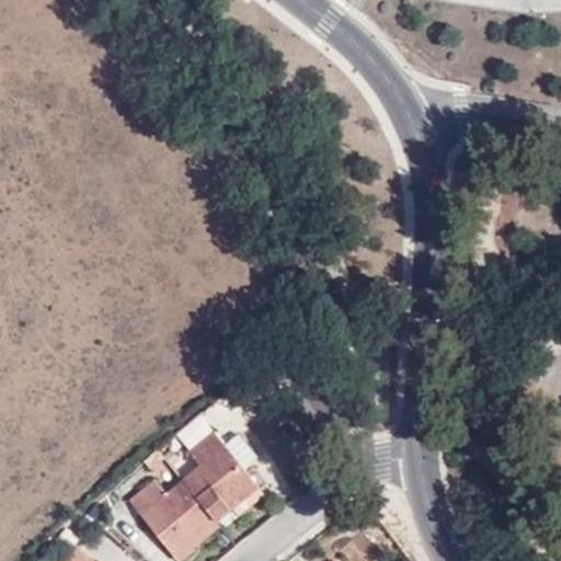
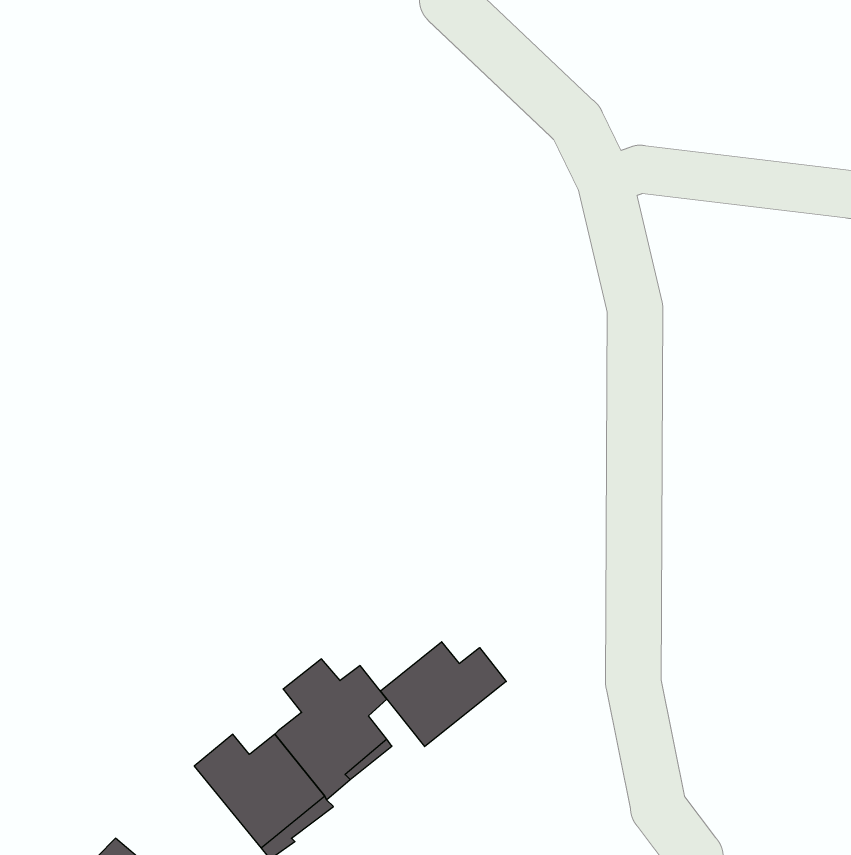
building: none -> [380,642,506,747]

